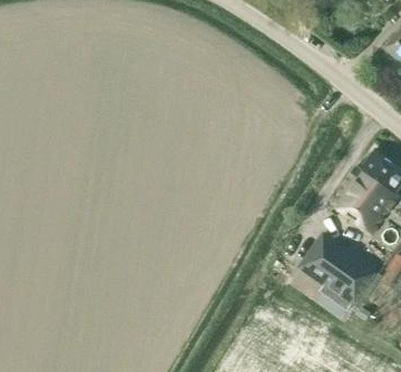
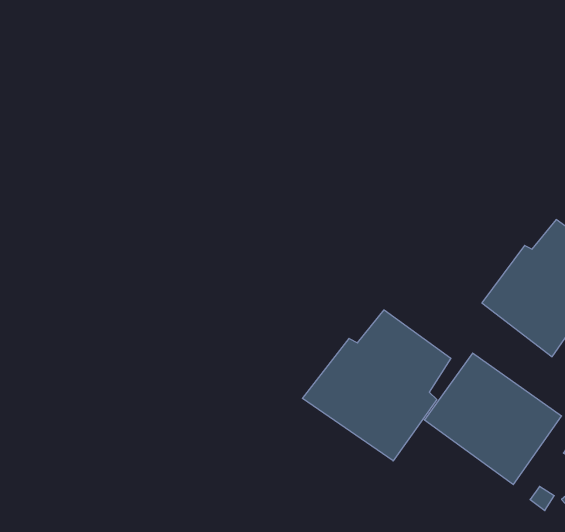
building: none -> [302,310,451,461]

